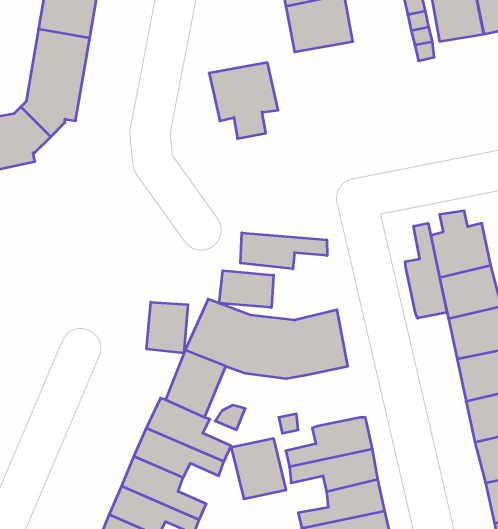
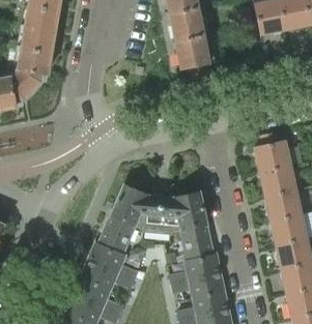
building: [209,63,278,139] -> [175,34,216,79]
building: [405,223,447,318] -> none
building: [240,233,327,269] -> none
building: [219,271,274,308] -> none
building: [147,302,188,353] -> none
building: [231,439,286,499] -> [181,225,214,260]

